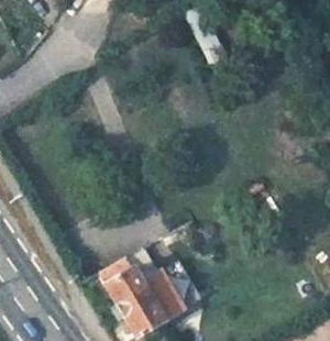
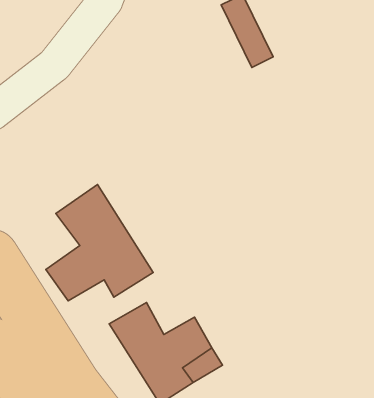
building: none -> [46,185,153,301]

